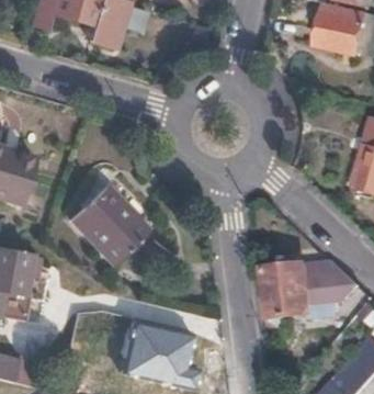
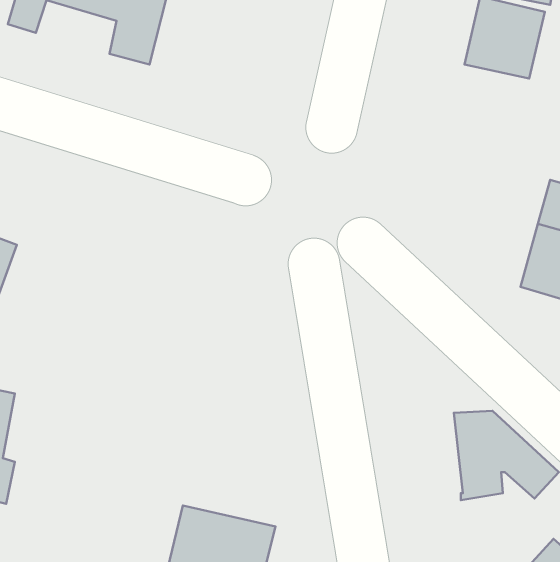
building: [75,189,151,268] -> none
building: [264,263,313,317] -> none

